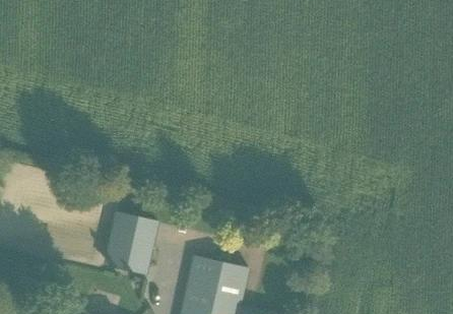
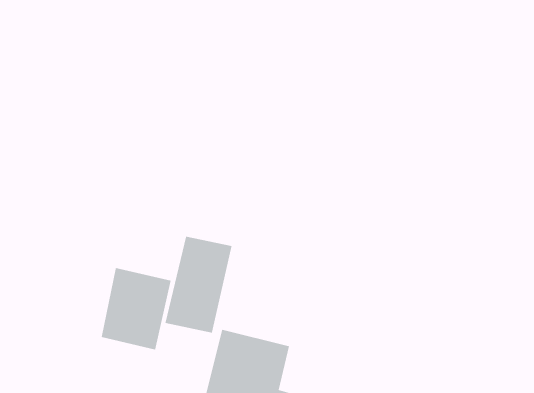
building: none -> [165,236,232,334]

